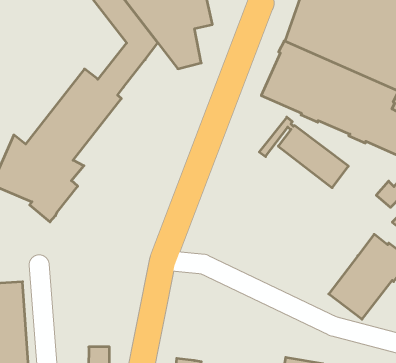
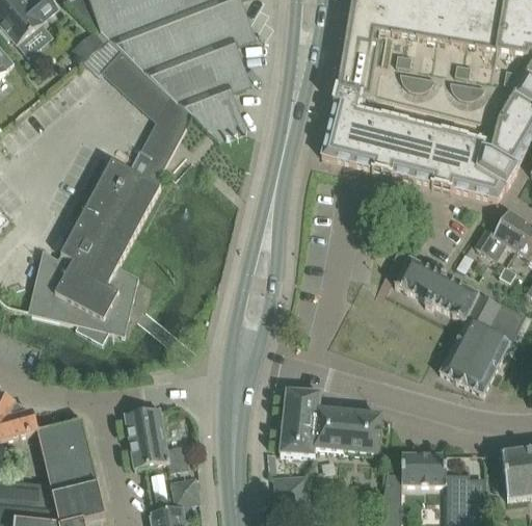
building: [259,117,348,188] -> [373,248,479,321]
building: none -> [125,406,188,470]
building: none -> [280,388,380,455]

